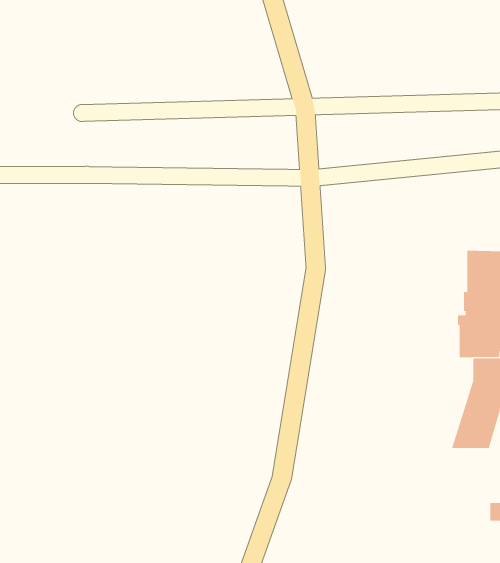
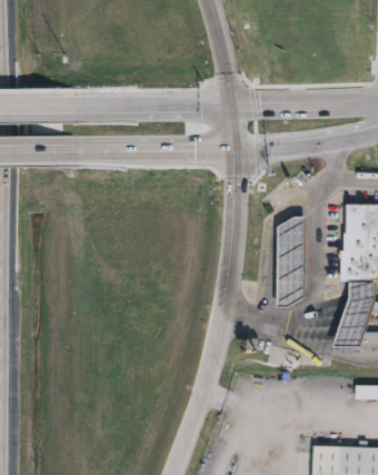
building: none -> [275,215,305,307]

